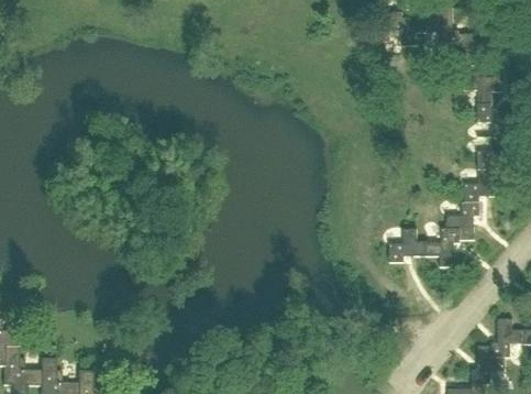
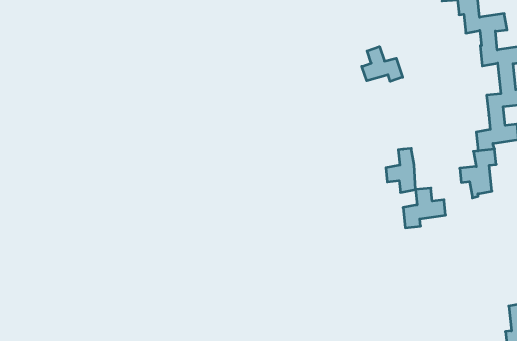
building: none -> [362,47,403,81]
building: [428,226,454,265] -> [386,148,416,192]

